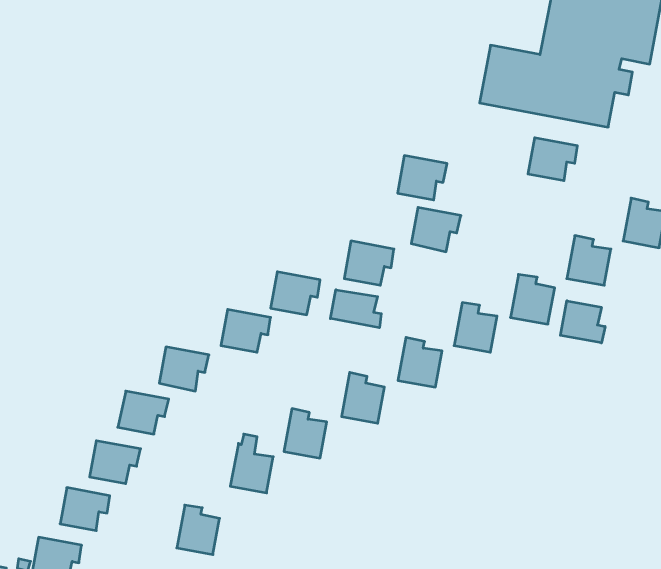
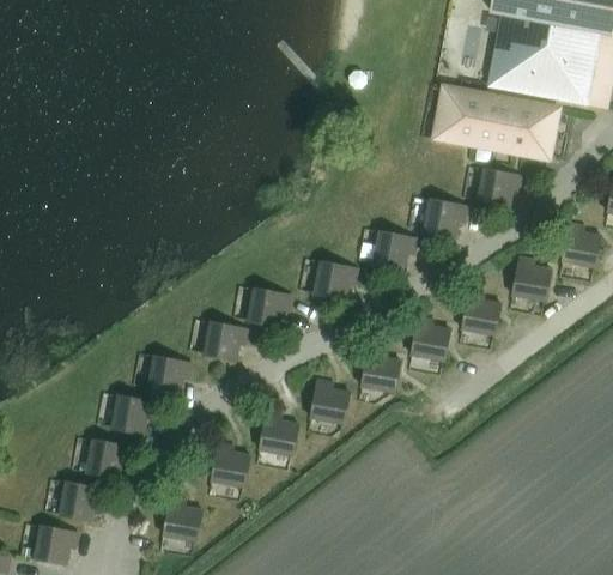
building: [398,156,447,200] -> [423,199,467,238]
building: [330,290,381,328] -> none
building: [560,301,605,343] -> none

